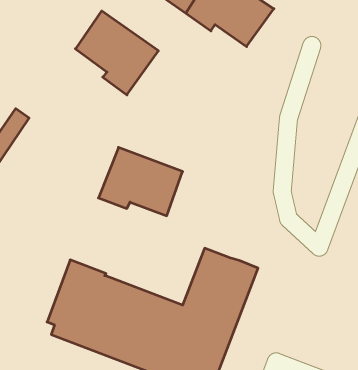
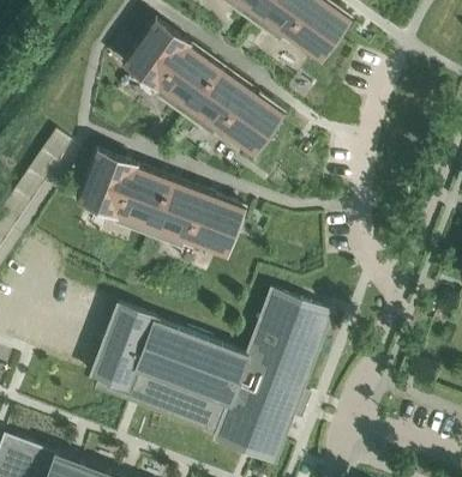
building: none -> [184,66,284,156]
building: none -> [80,149,174,234]

